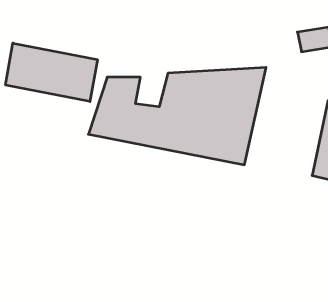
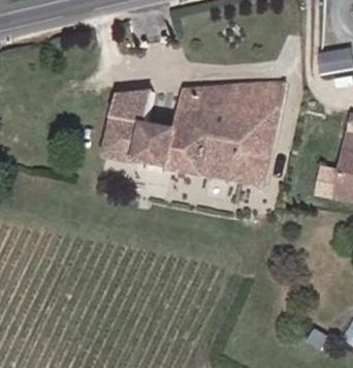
building: [6,43,97,102] -> none

